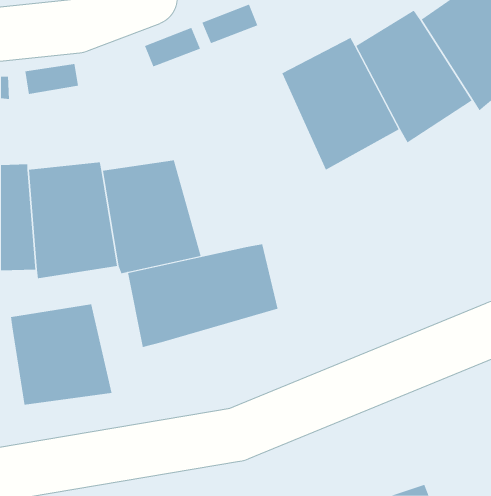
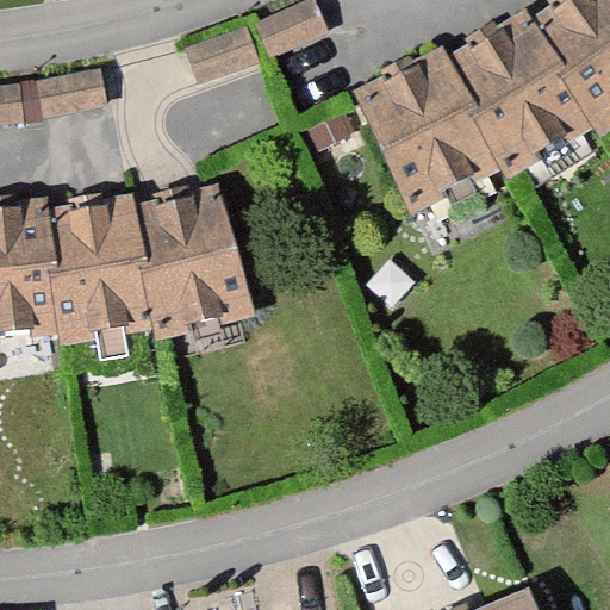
building: [127,244,278,348] -> none
building: [10,304,112,406] -> none

